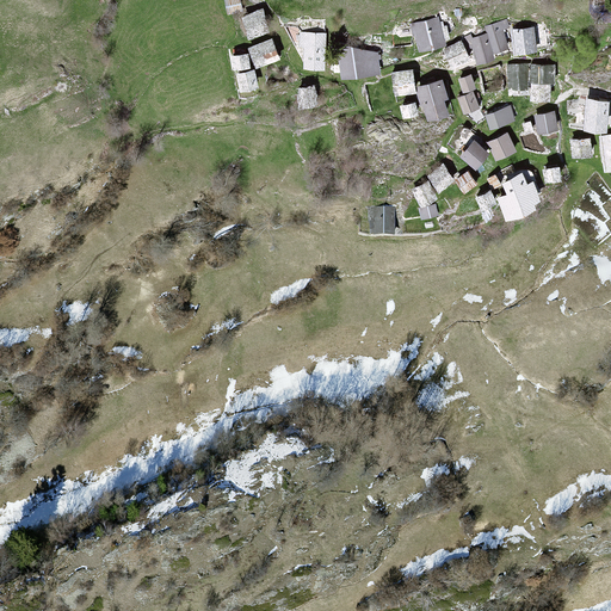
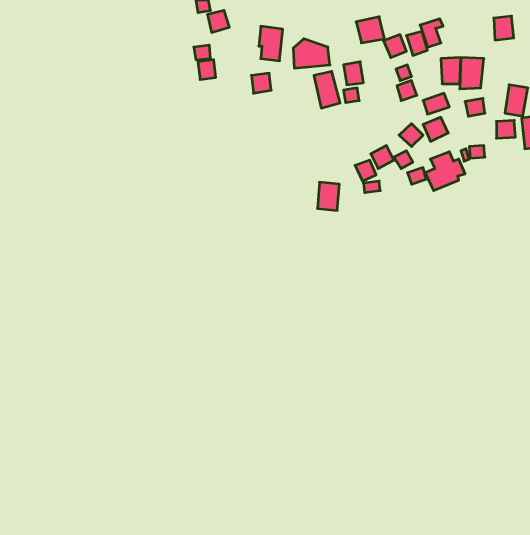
building: [512,27,535,55] -> [494,16,514,40]
building: [246,37,280,68] -> none
building: [424,81,453,123] -> [314,71,340,108]

